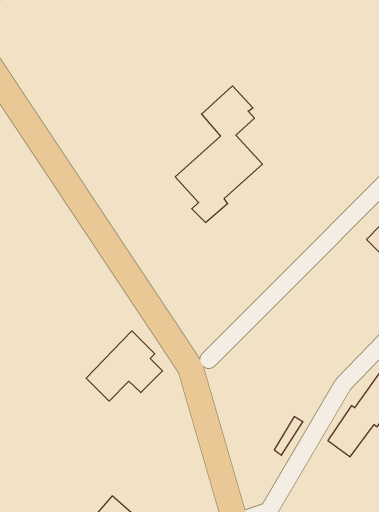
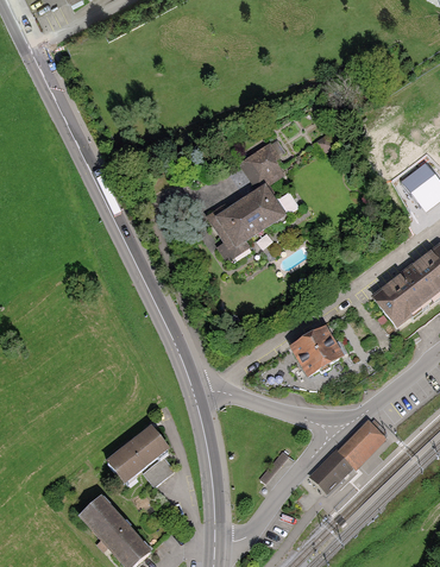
building: none -> [289,325,344,378]
building: [86,331,163,401] -> [105,426,175,486]

